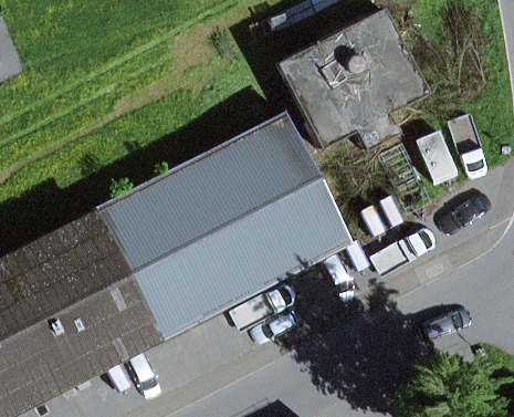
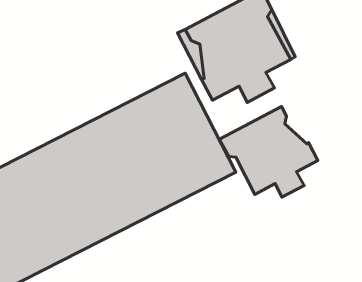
building: none -> [219,106,318,197]

